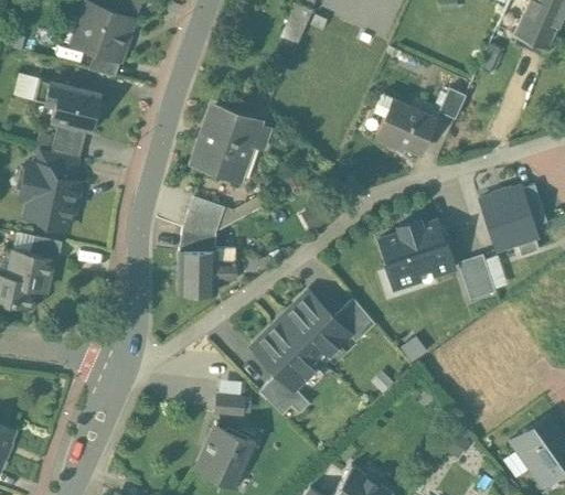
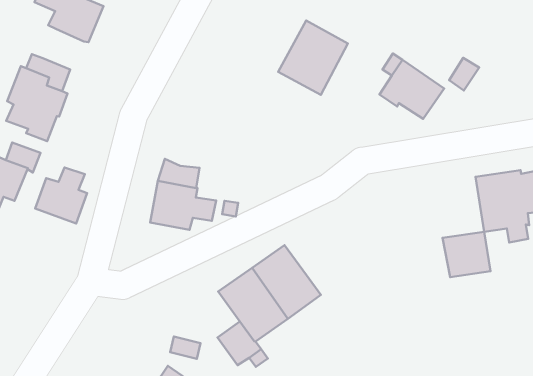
building: [194,108,256,176] -> [278,20,348,95]
building: [50,122,86,159] -> none
building: [181,196,224,234] -> none
building: [380,220,454,289] -> none
building: none -> [35,167,87,223]
building: [333,299,374,343] -> none

